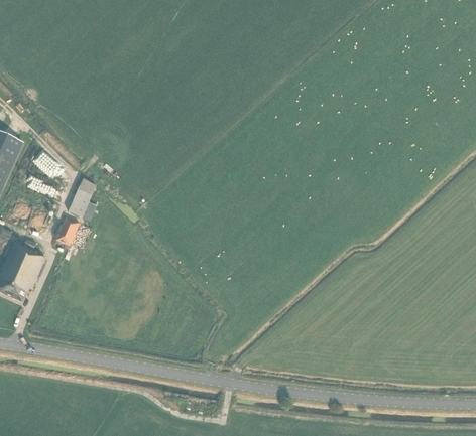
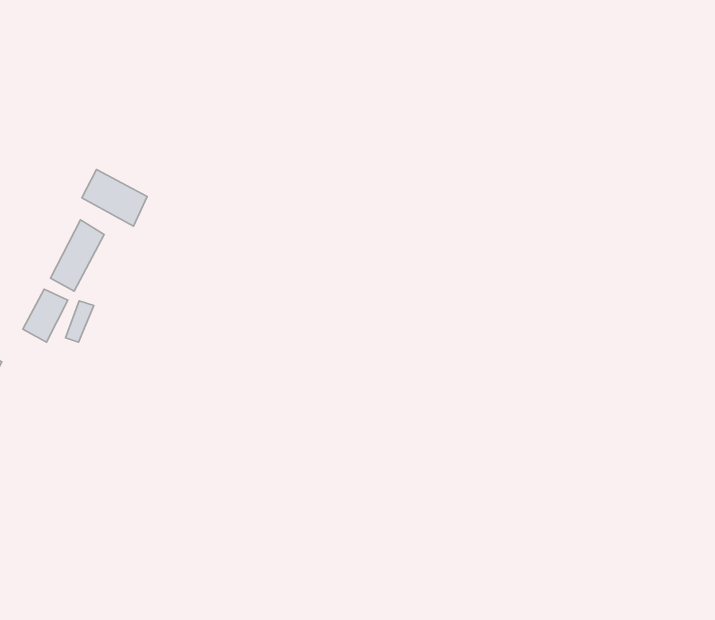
building: none -> [82,170,147,226]

